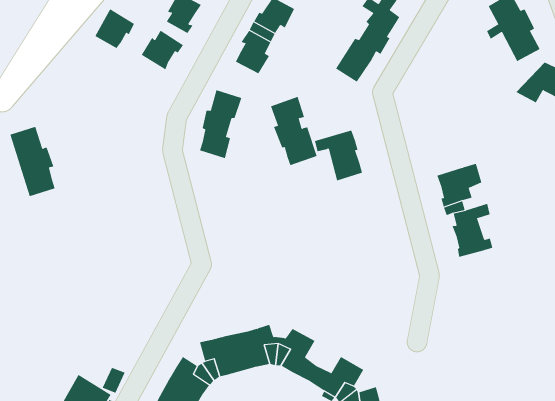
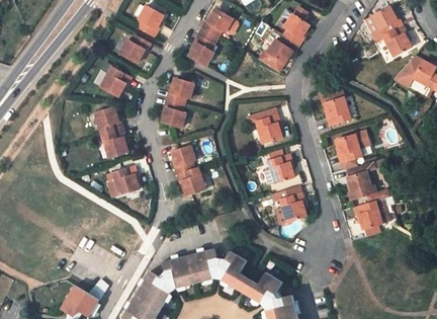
building: [95,8,135,49] -> [101,67,130,96]
building: [270,96,317,166] -> [171,145,205,195]
building: none -> [319,85,350,126]
building: [10,126,55,197] -> [94,106,127,158]
building: none -> [263,154,294,185]
building: none -> [107,166,139,197]
building: none -> [269,184,307,222]
building: none -> [353,197,389,229]

